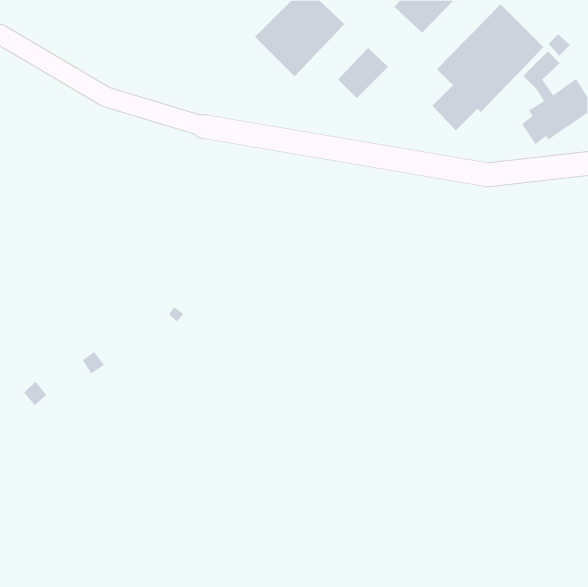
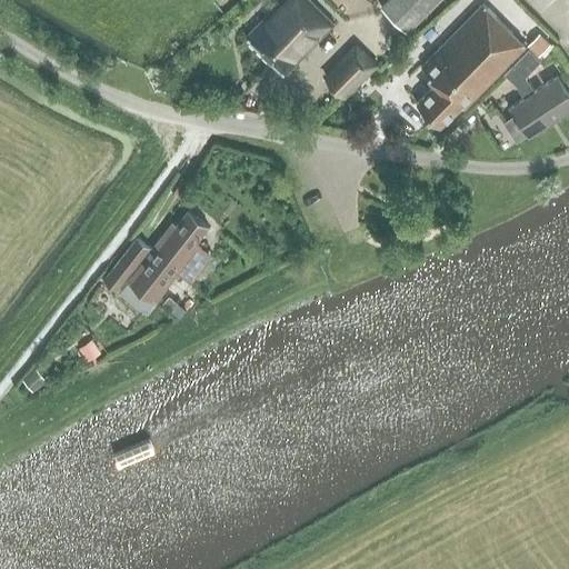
building: none -> [103,211,209,315]

